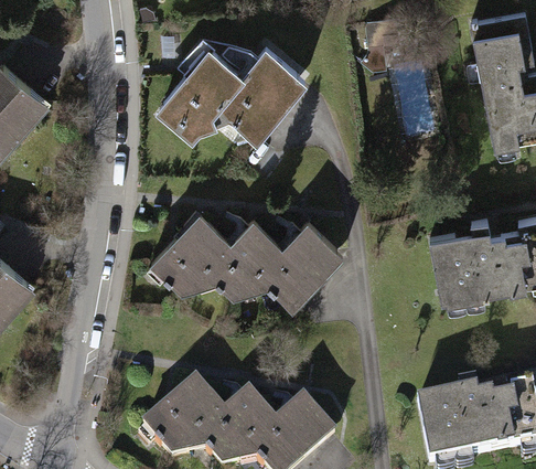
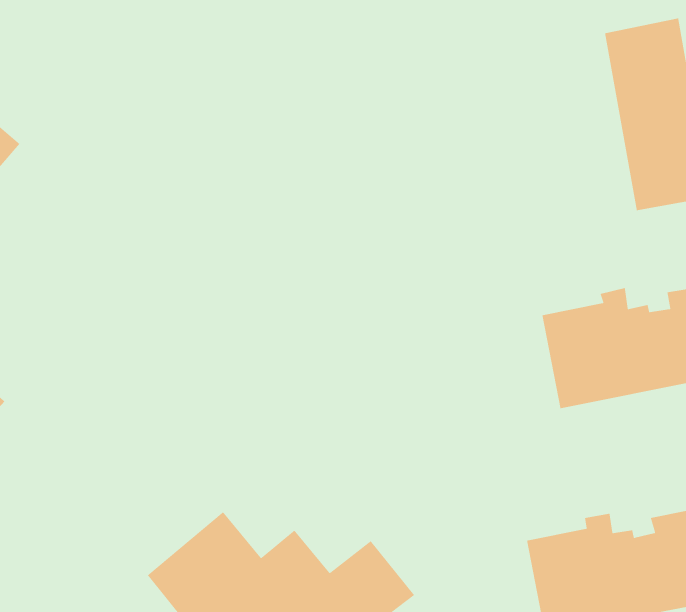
building: [152,50,304,147] -> none
building: [152,210,346,308] -> none

